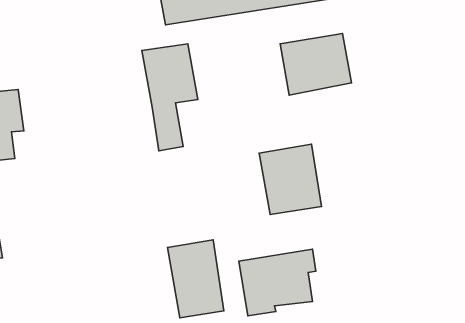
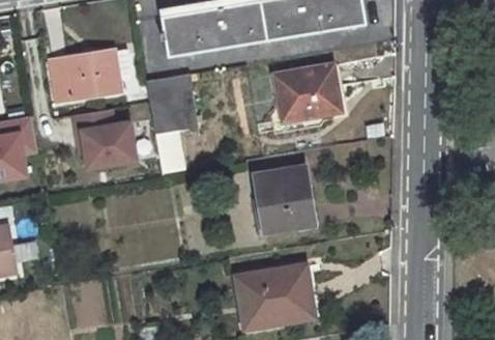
building: none -> [51,48,130,101]
building: none -> [71,108,137,172]
building: [167,240,224,318] -> none

